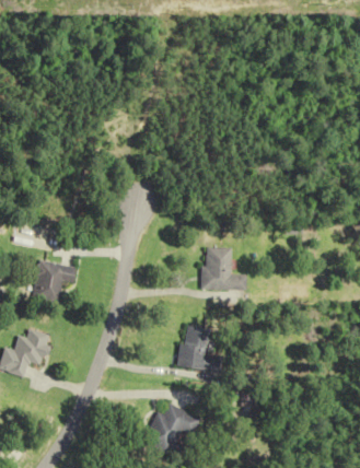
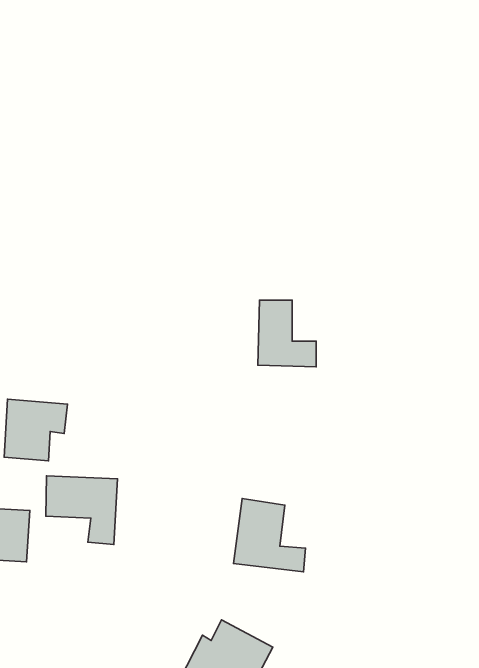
building: [207,248,244,291] -> [258,300,316,367]
building: none -> [46,476,118,545]

